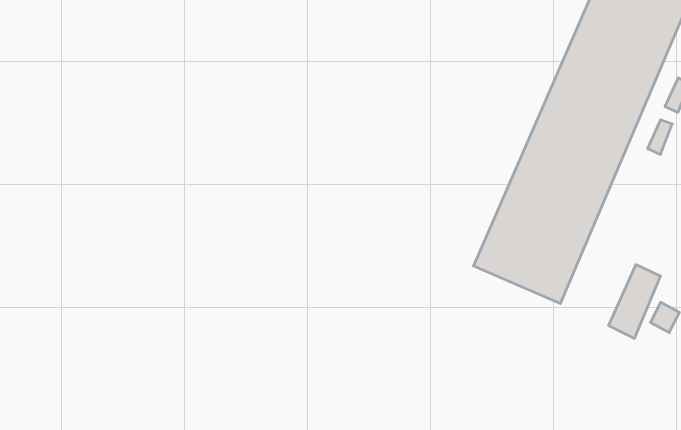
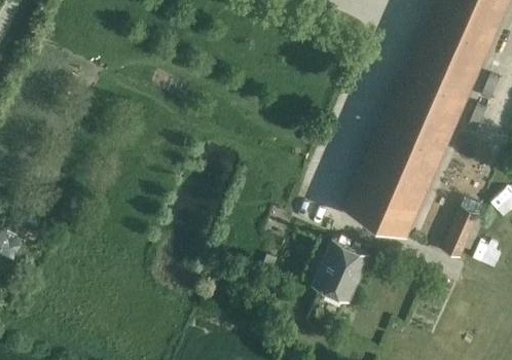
building: none -> [313,244,370,307]

